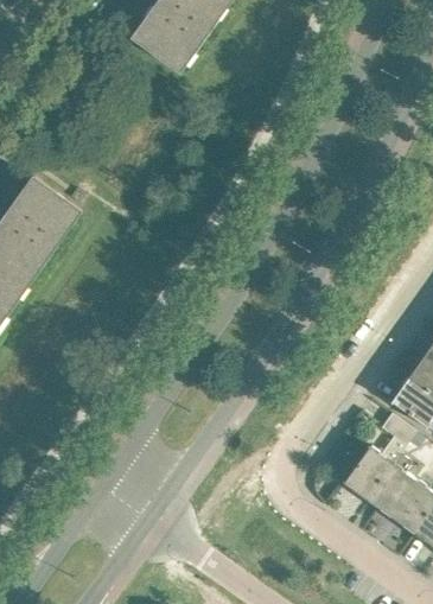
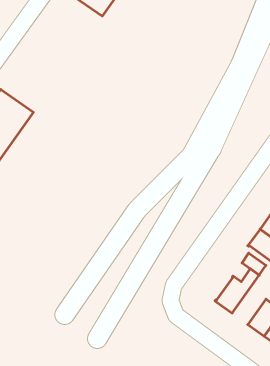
building: [367,453,415,515] -> none

